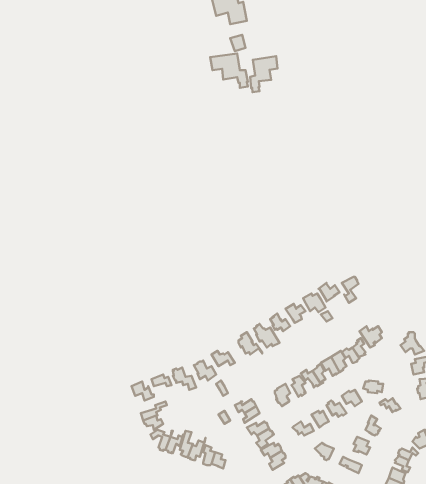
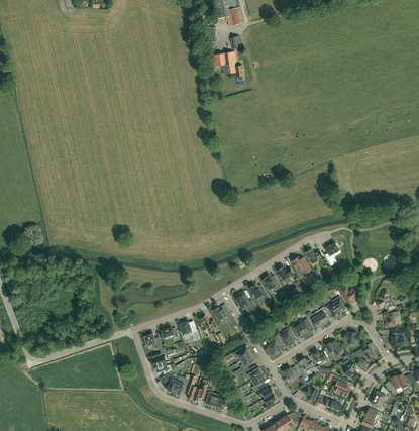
building: [250,56,278,92] -> none

